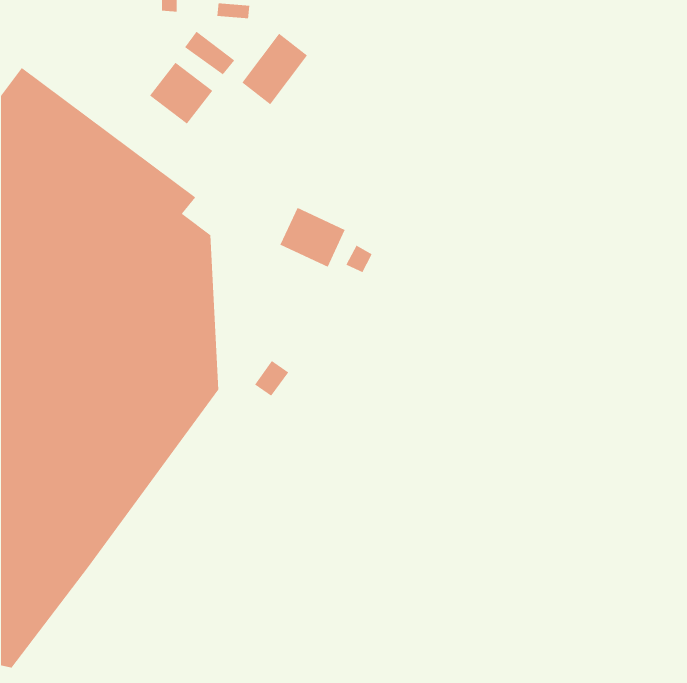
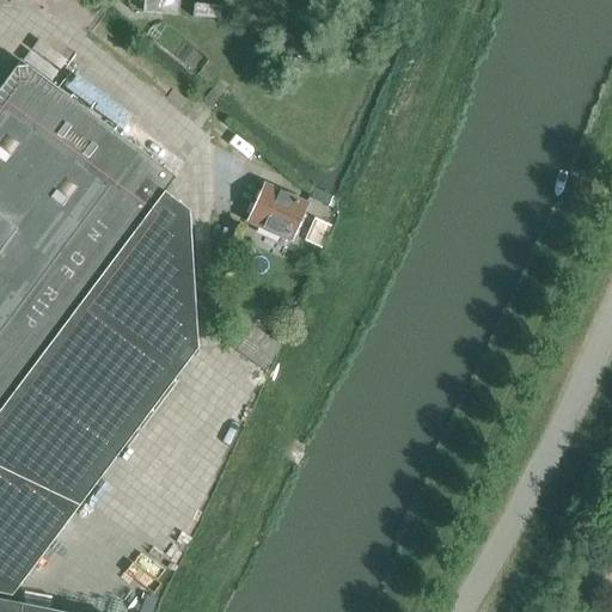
building: [241,33,308,105] -> none
building: [149,62,213,125] -> none

